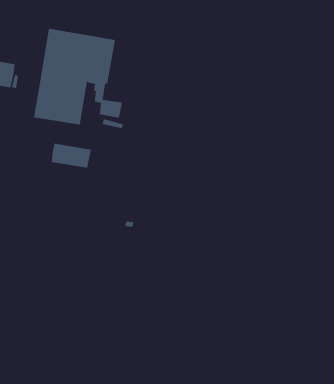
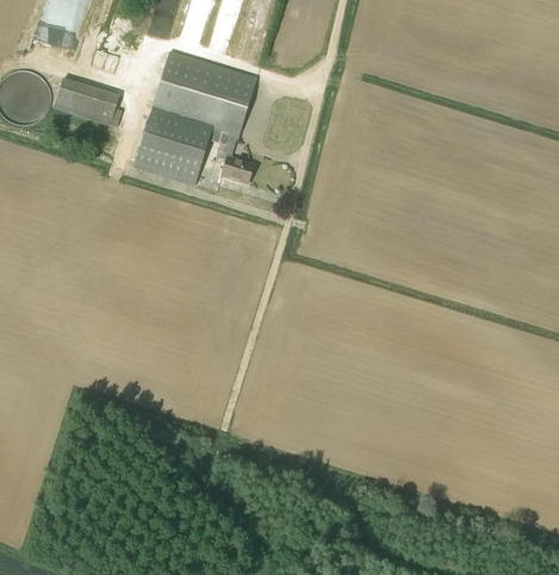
building: [51,143,92,169] -> none

